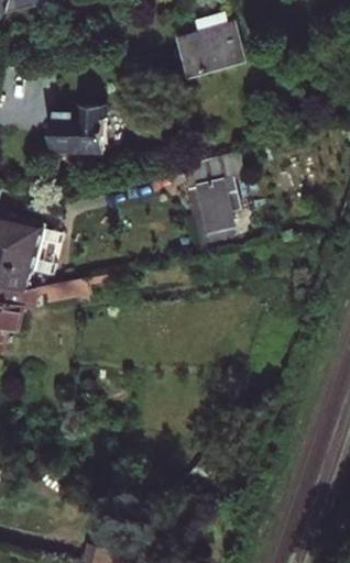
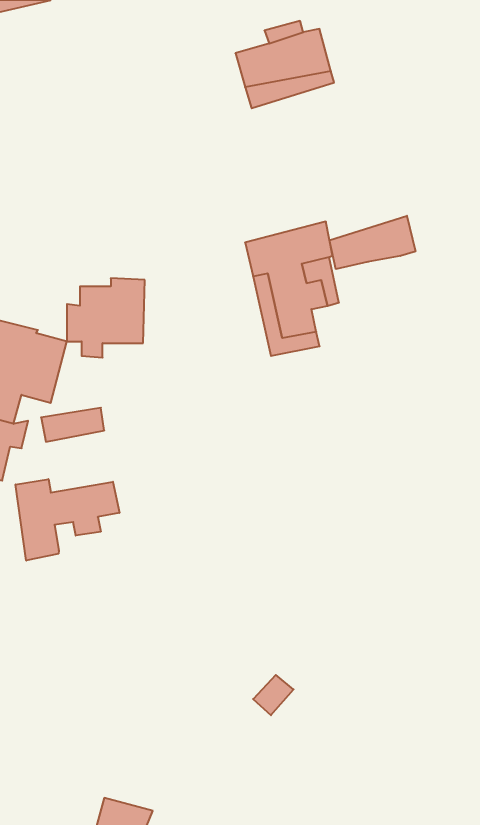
building: [52,106,105,159] -> [67,278,145,358]
building: none -> [329,216,415,269]
building: none -> [16,479,119,561]

